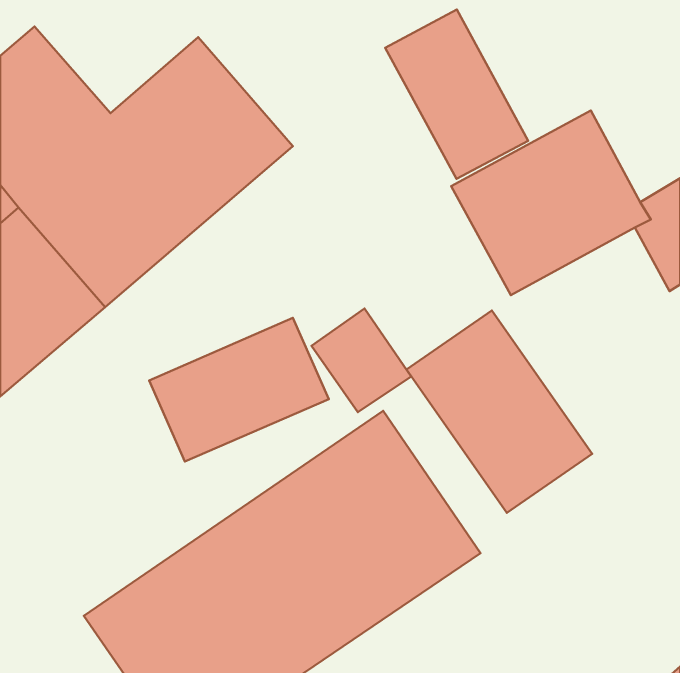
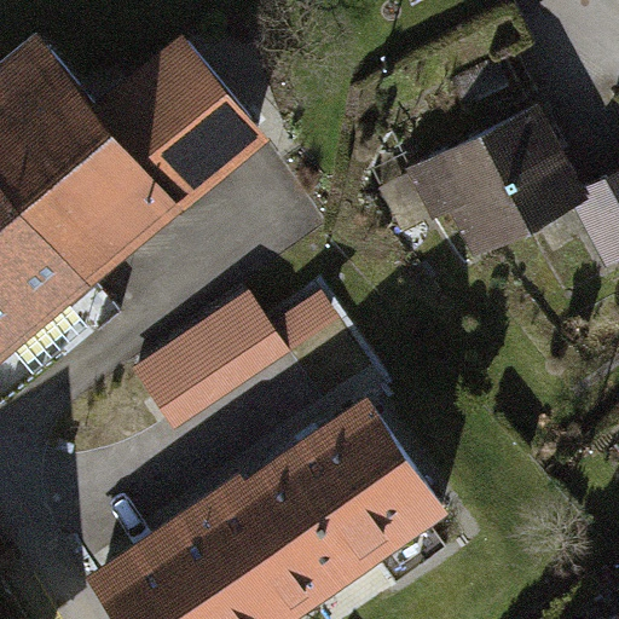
building: [385,10,528,179] -> none
building: [406,310,592,513] -> none

